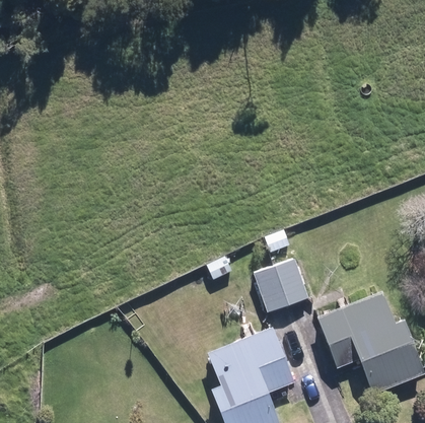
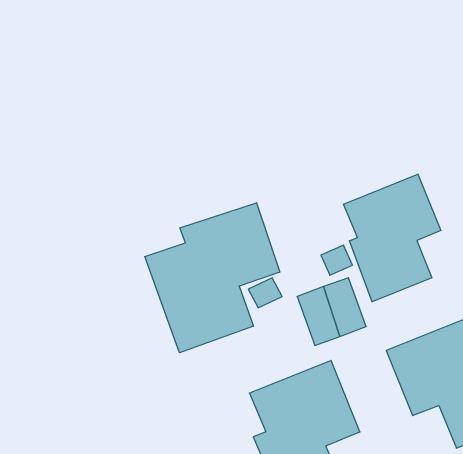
building: none -> [344,174,441,302]
building: none -> [145,203,280,353]

